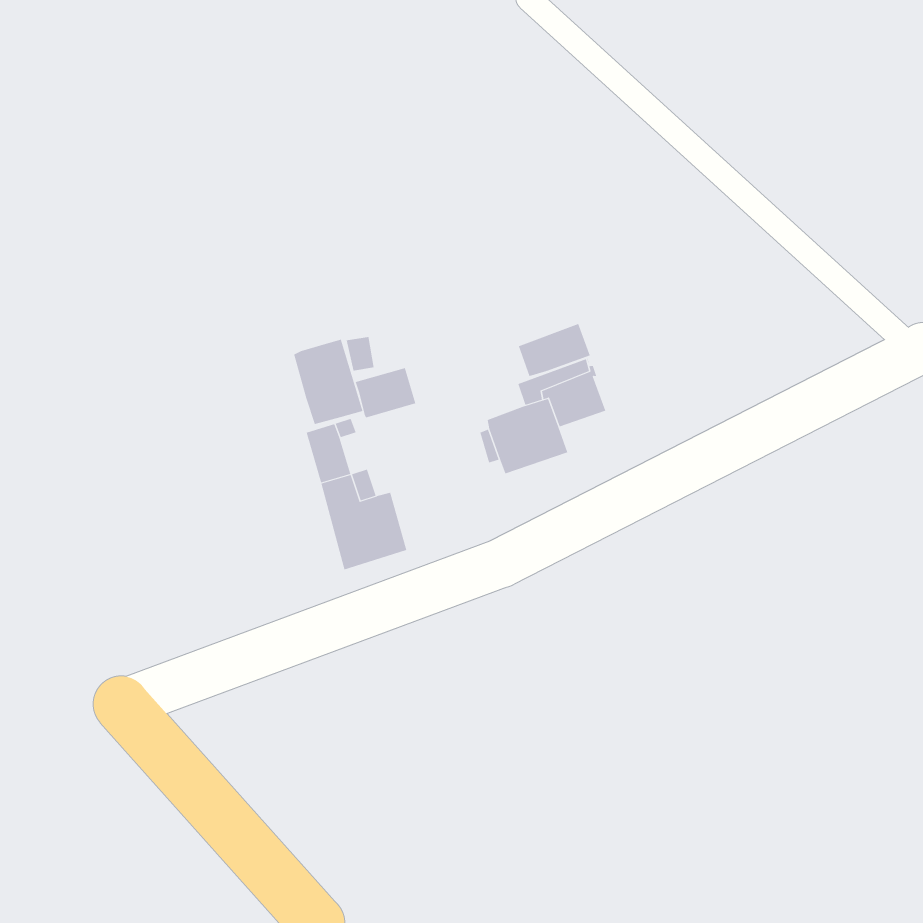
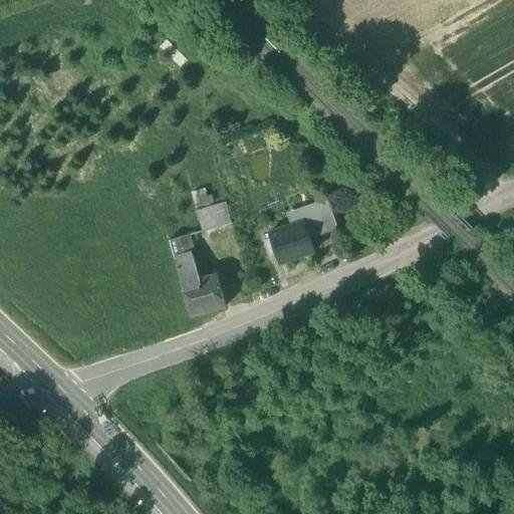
building: [518,323,591,377] -> none
building: [294,339,363,425] -> none

